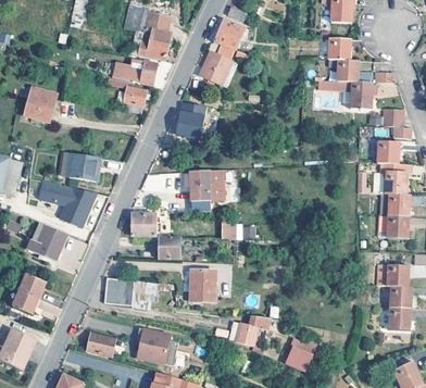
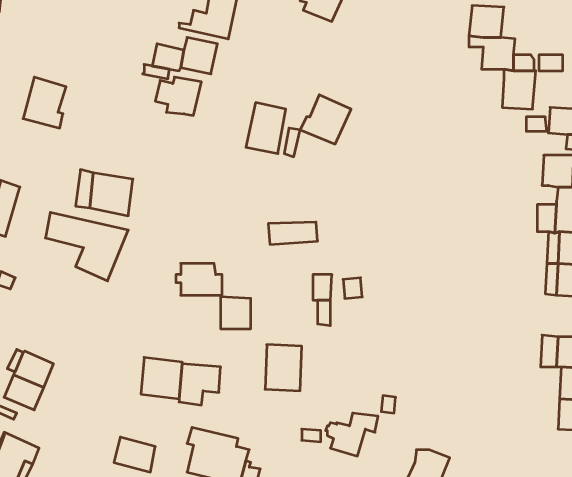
building: [200,51,235,85] -> [300,95,351,144]
building: [190,170,224,187] -> none
building: [27,221,66,263] -> none

